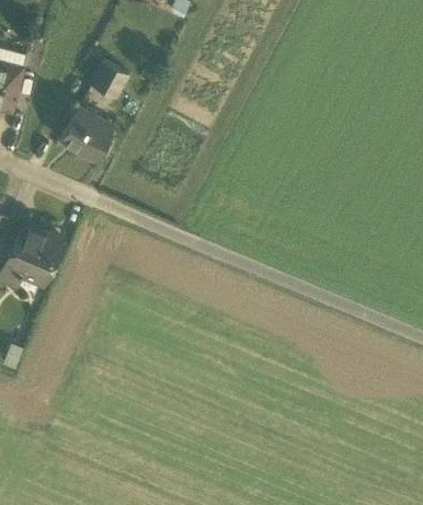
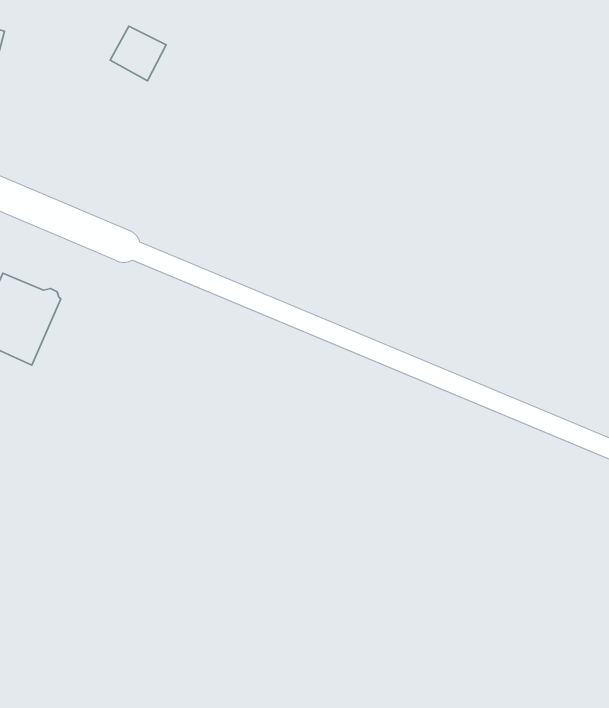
building: [61,110,110,161] -> none

